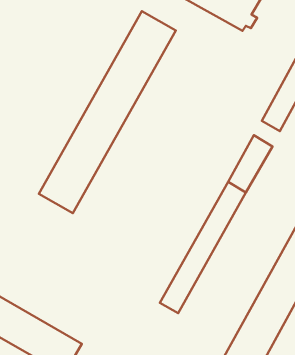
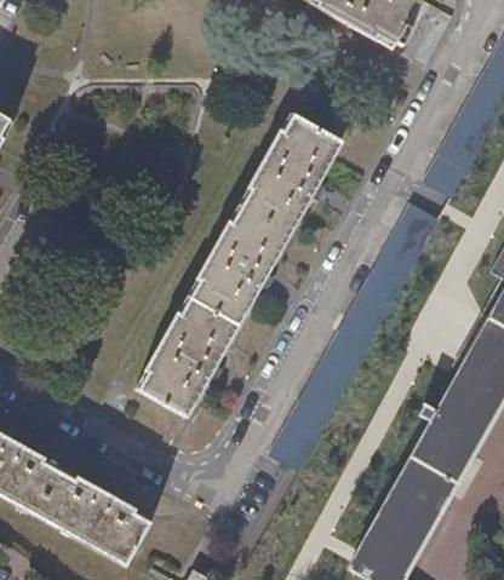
building: [39,11,176,213] -> [134,113,340,417]

